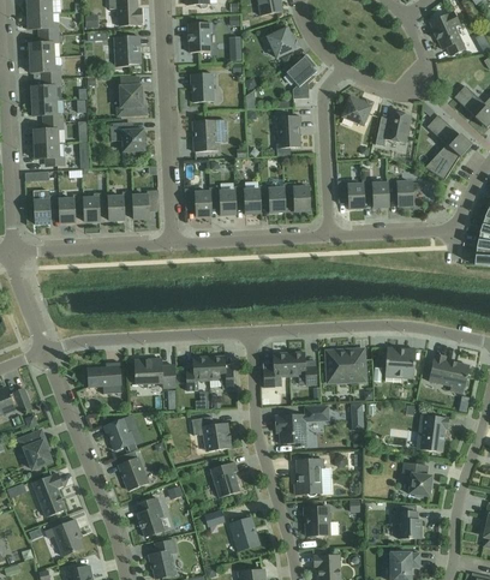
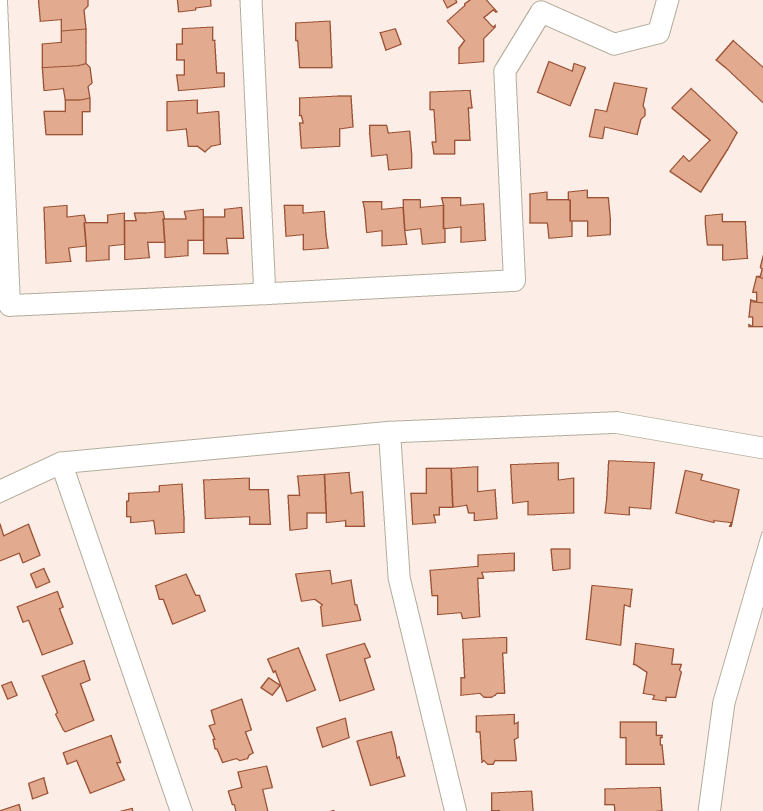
building: [35,143,65,167] -> none
building: [387,178,413,207] -> [705,214,748,260]
building: [209,187,235,215] -> [369,126,412,170]
building: [420,415,449,453] -> [586,586,632,645]
building: [118,458,148,491] -> [268,648,316,701]

